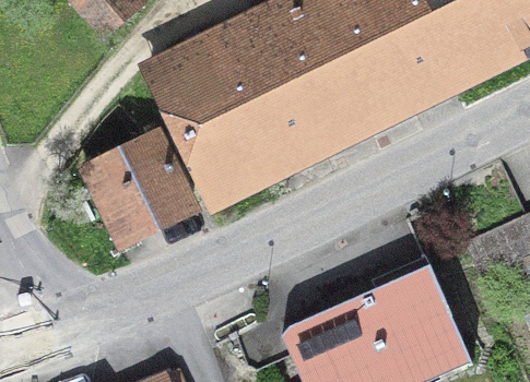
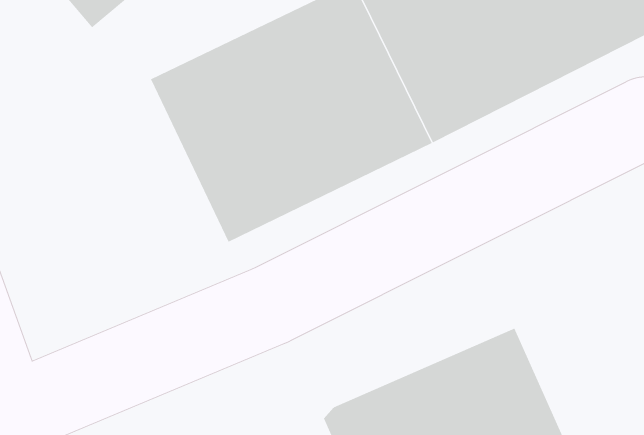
building: [87,140,191,242] -> none

